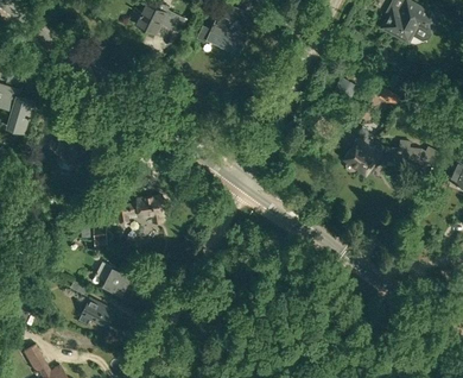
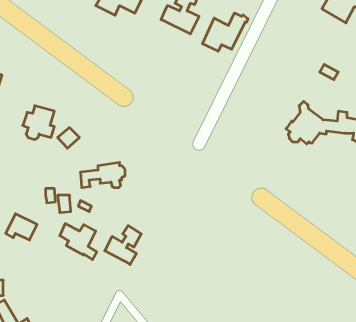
building: none -> [202,13,248,51]
building: none -> [105,226,141,265]
building: [78,300,113,328] -> [6,214,37,240]

